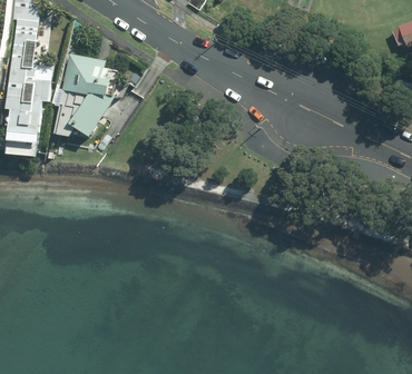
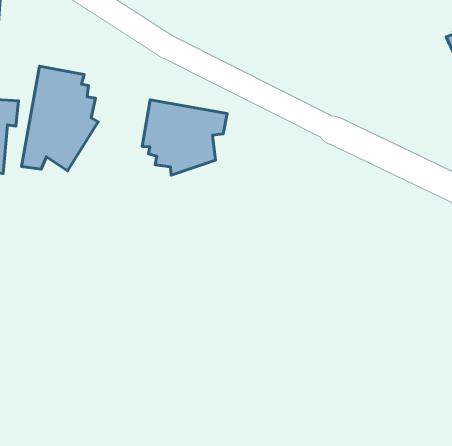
building: none -> [142,100,227,175]

